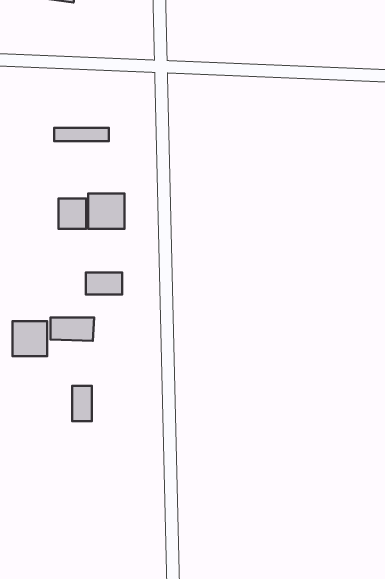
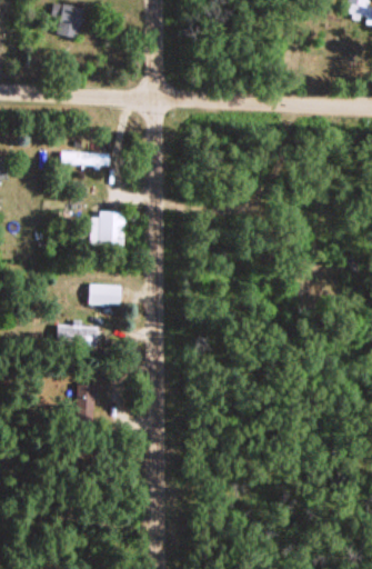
building: [59,199,86,229] -> none
building: [12,321,47,356] -> none

